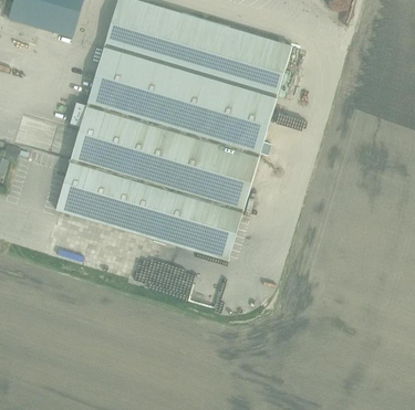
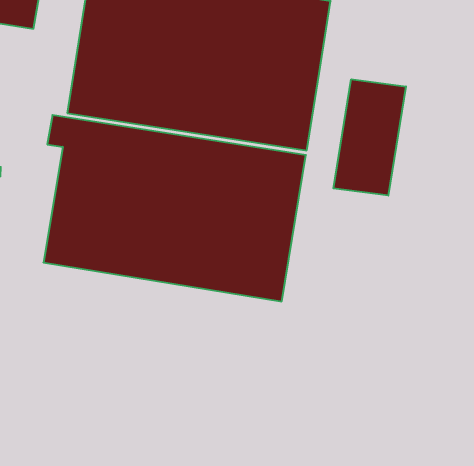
building: none -> [333,79,406,196]

